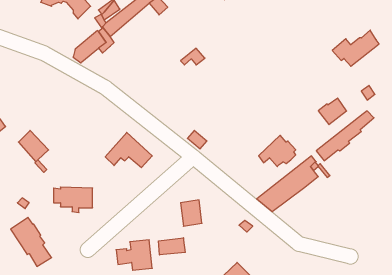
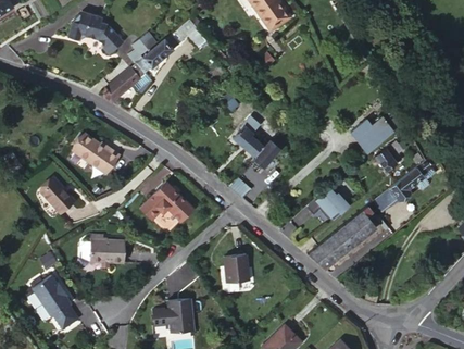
building: [332,30,379,66] -> [350,110,402,150]
building: none -> [233,117,280,167]
building: none -> [73,133,121,173]
building: [159,238,185,255] -> none

